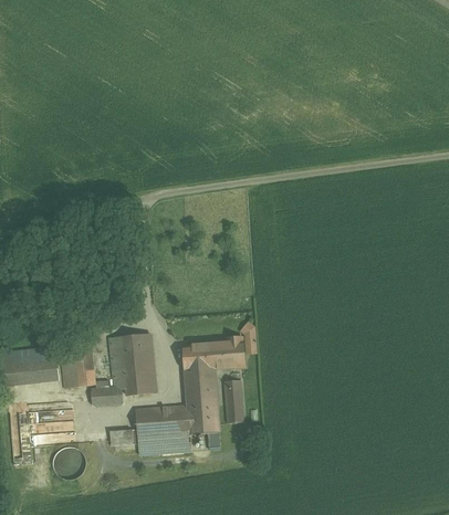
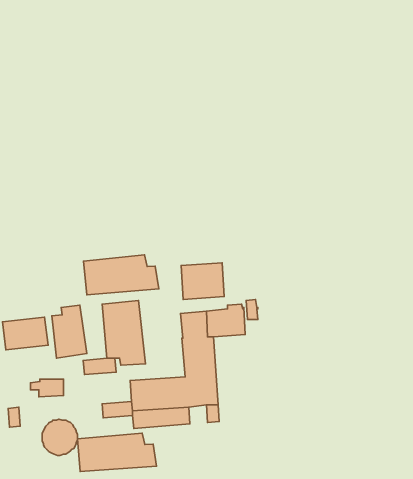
building: none -> [84,255,159,295]
building: none -> [181,263,224,299]
building: [224,380,244,423] -> none
building: none -> [77,433,156,471]

